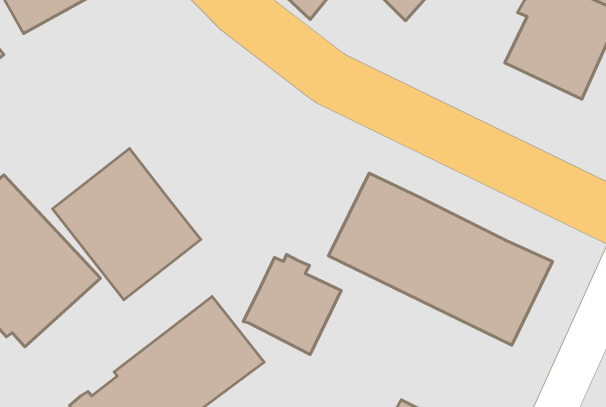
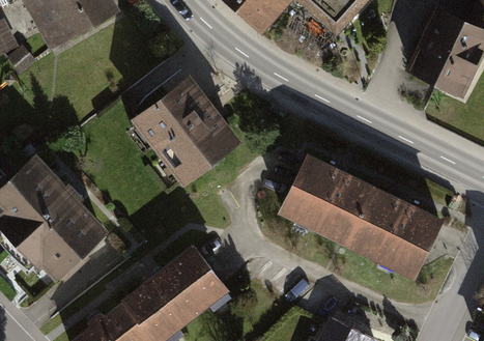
building: [52,149,201,300] -> [130,74,239,186]
building: [243,254,341,354] -> none

